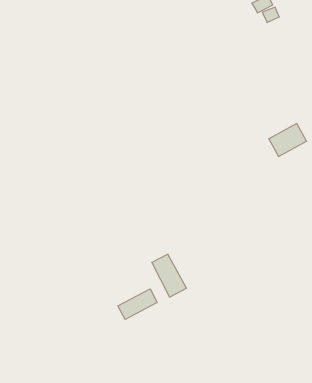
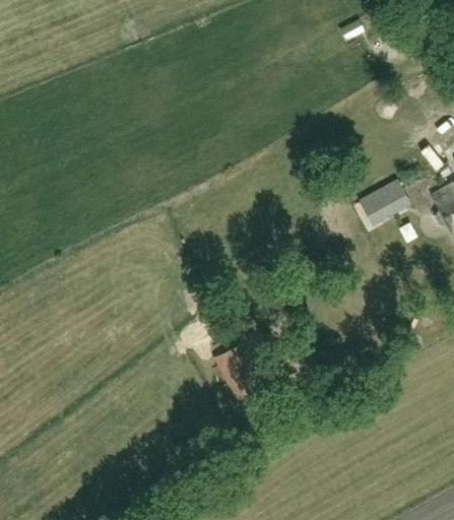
building: [118,289,157,319] -> none

